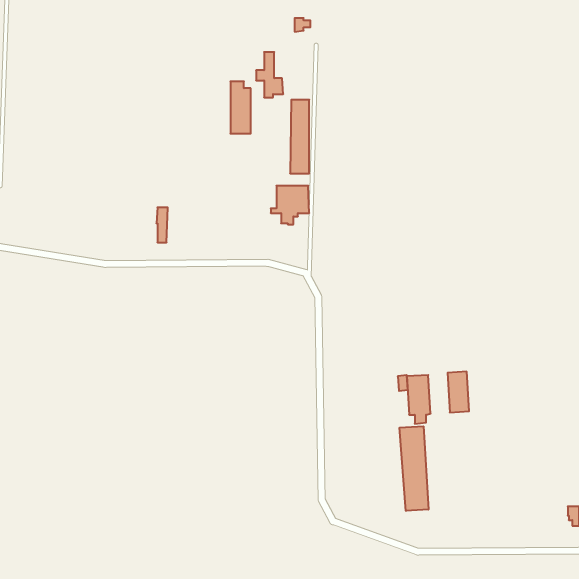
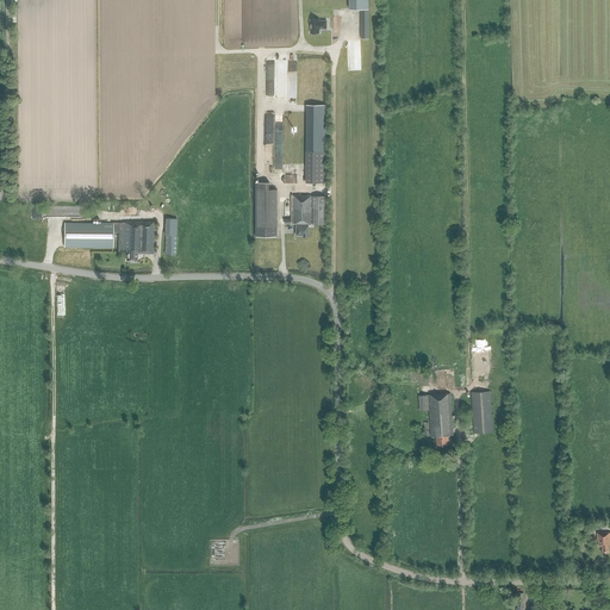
building: [230,81,251,134] -> [255,182,276,237]
building: none -> [64,222,156,261]
building: [400,426,428,511] -> none

